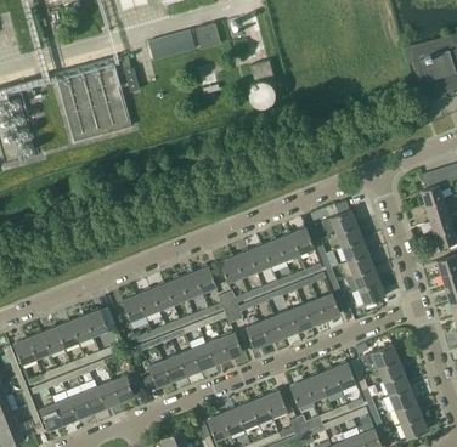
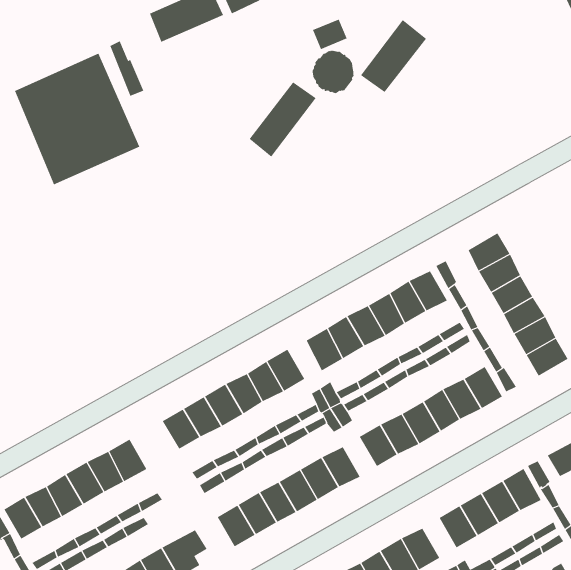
building: none -> [360,19,427,93]
building: none -> [249,82,316,157]

